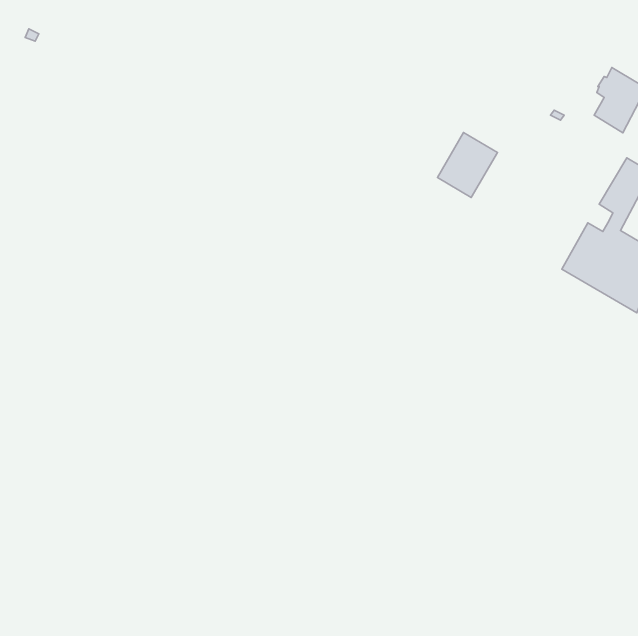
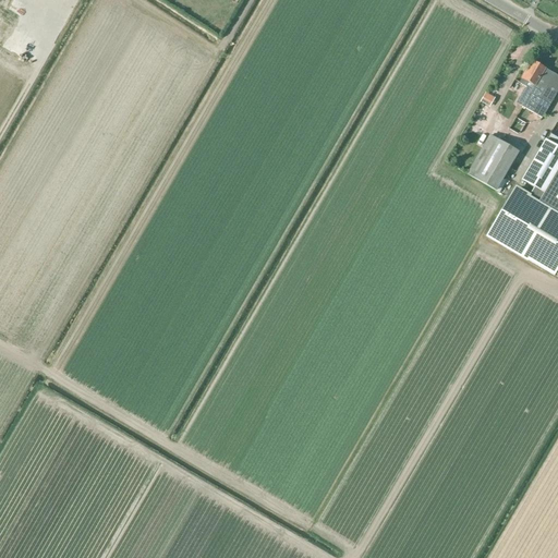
building: [437,132,497,198] -> [469,132,521,189]

